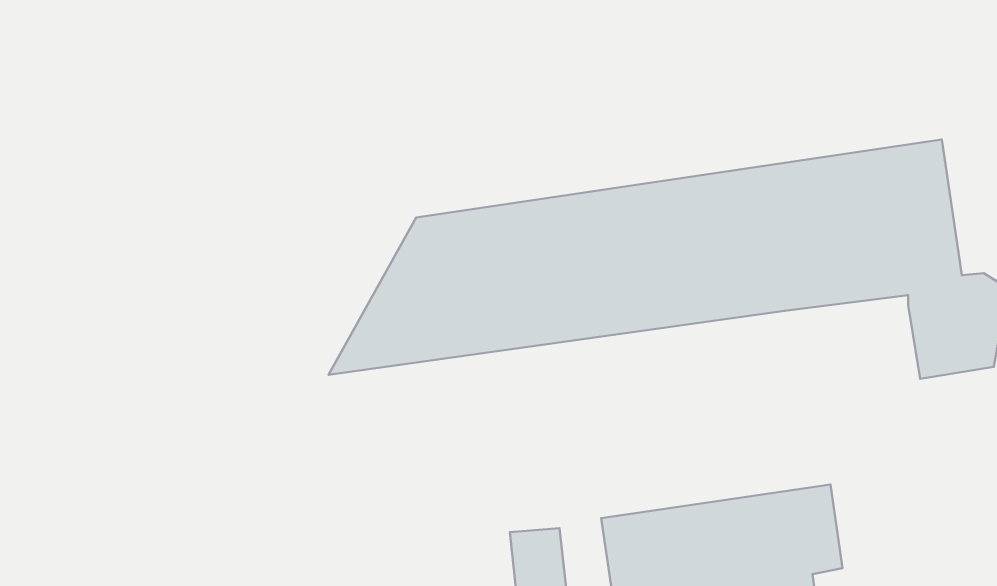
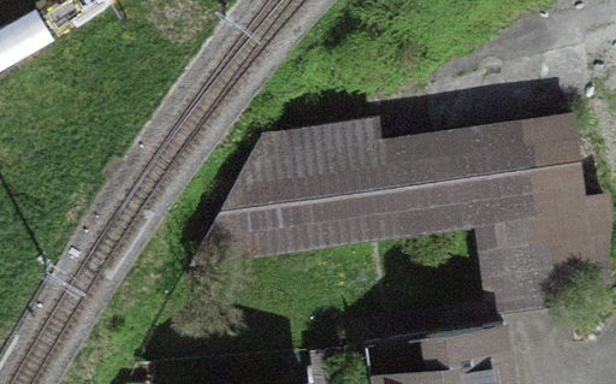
building: none -> [478,207,564,299]

